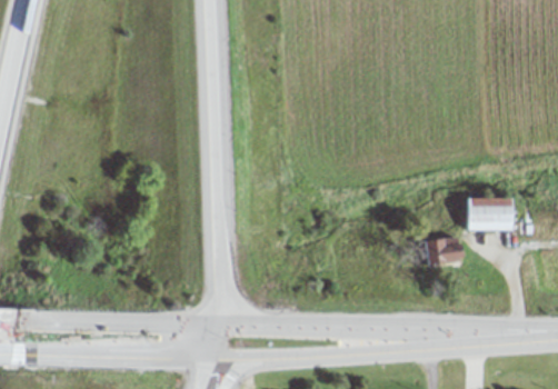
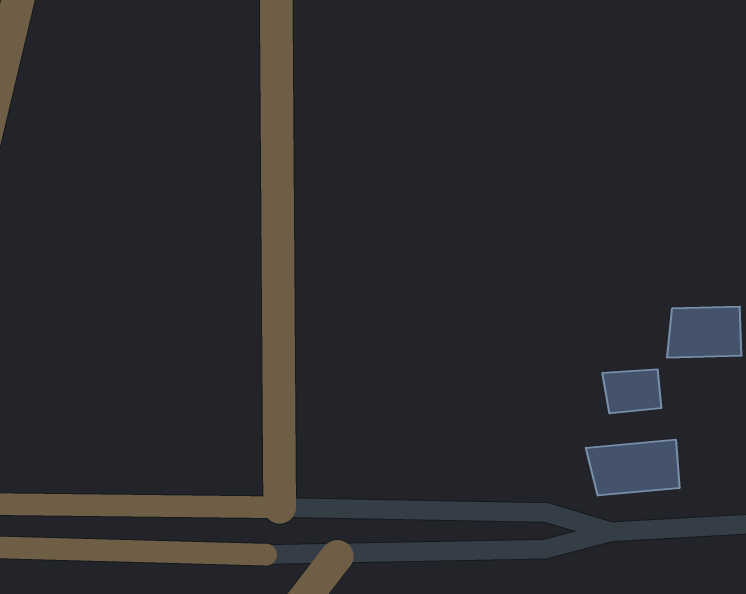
building: none -> [586,440,679,496]

